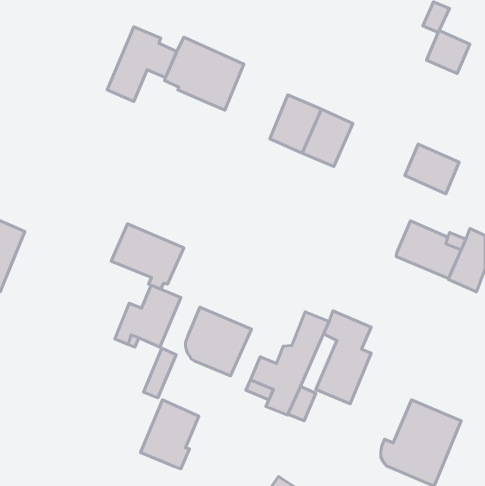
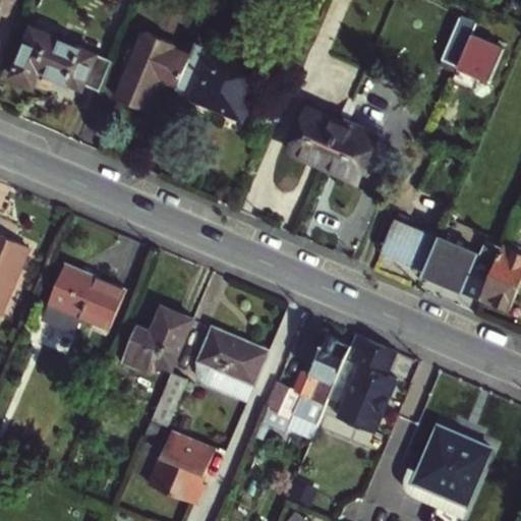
building: none -> [7,27,109,92]
building: [405,144,459,194] -> [379,219,437,272]
building: [111,224,184,289] -> [48,266,125,335]

